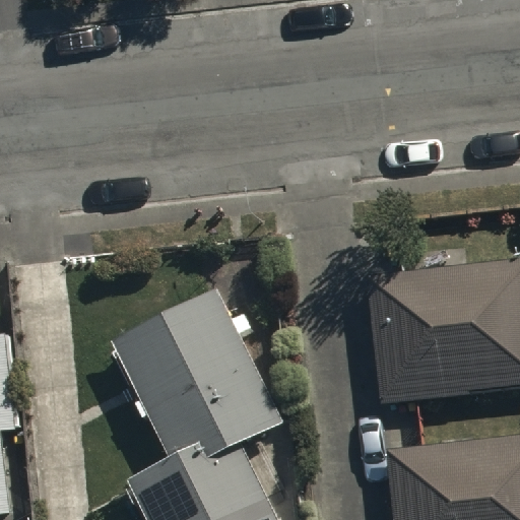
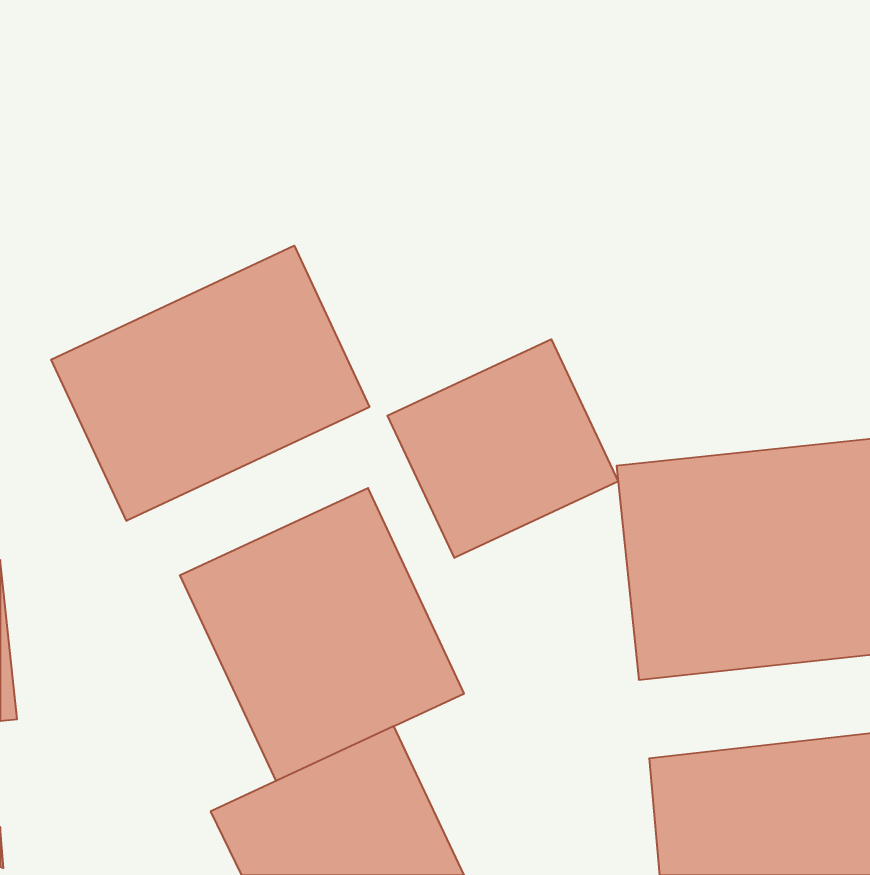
building: none -> [51,246,369,521]
building: none -> [387,339,618,558]

